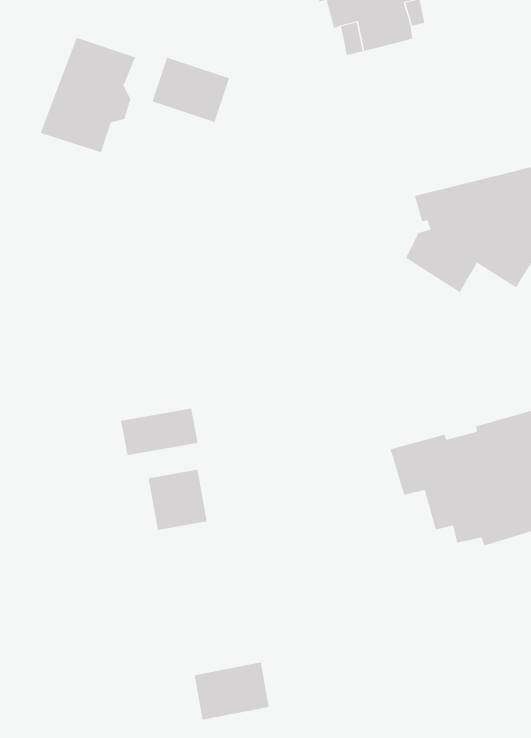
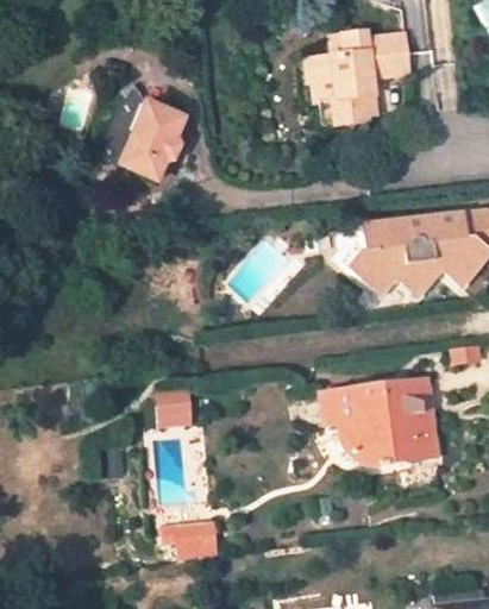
building: [152,57,230,123] -> none
building: [120,408,198,456] -> none

